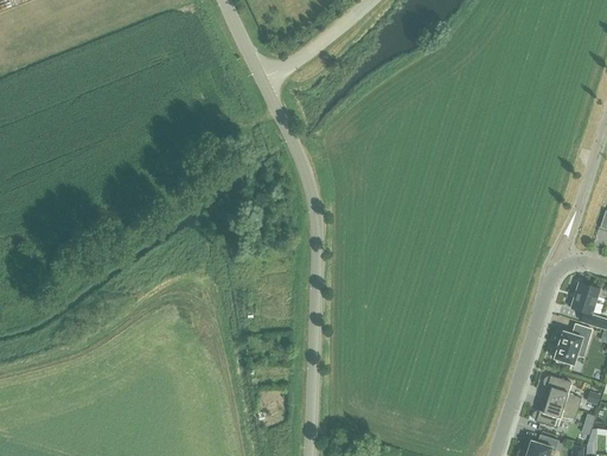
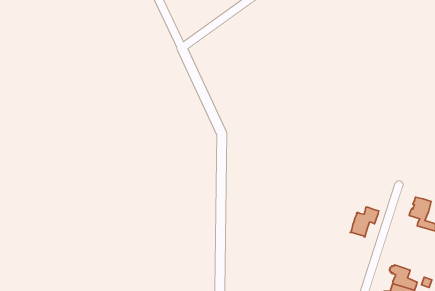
building: [552,323,592,364] -> [350,207,379,237]

